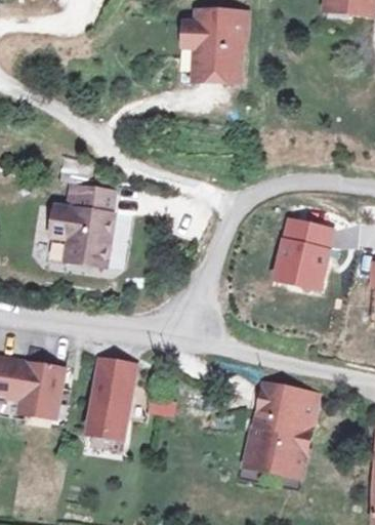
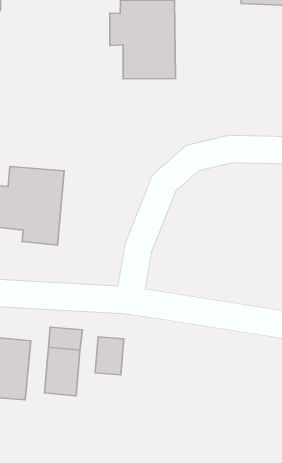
building: [270,214,330,282] -> none
building: none -> [95,337,124,375]
building: [245,381,321,487] -> none

